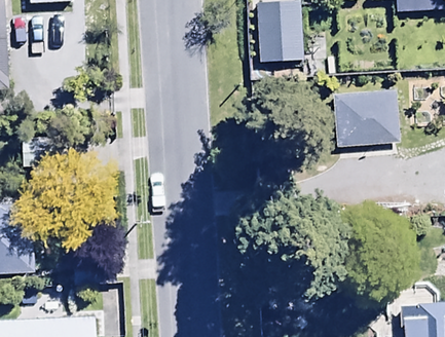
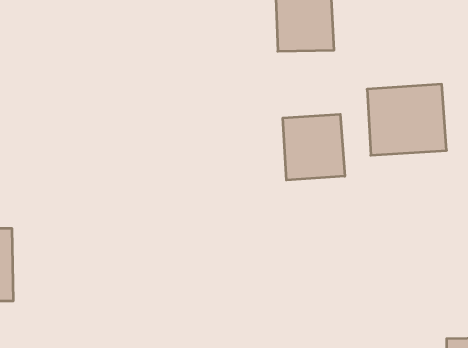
building: none -> [283,114,345,180]

